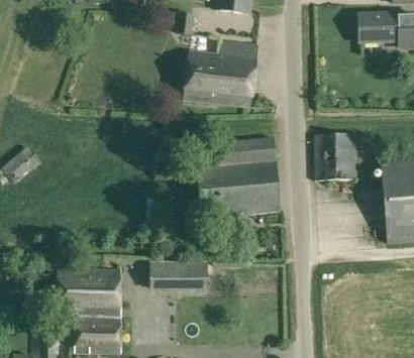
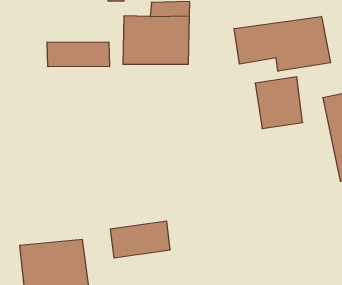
building: none -> [47,42,109,67]
building: none -> [234,16,330,71]
building: [197,137,279,216] -> none

